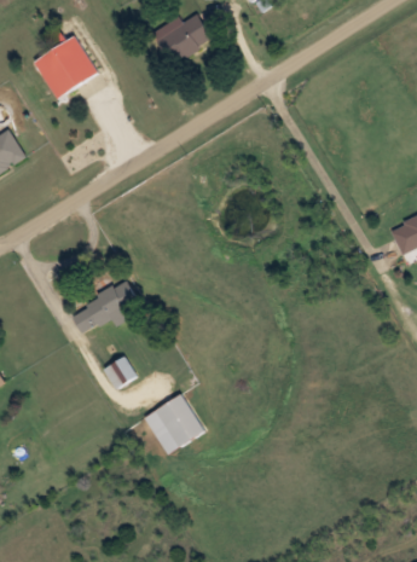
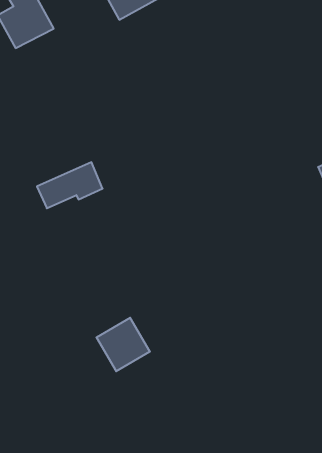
building: [68,283,140,334] -> [37,162,103,208]
building: [104,355,137,388] -> none

